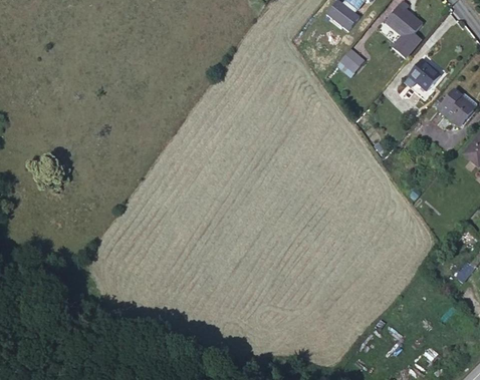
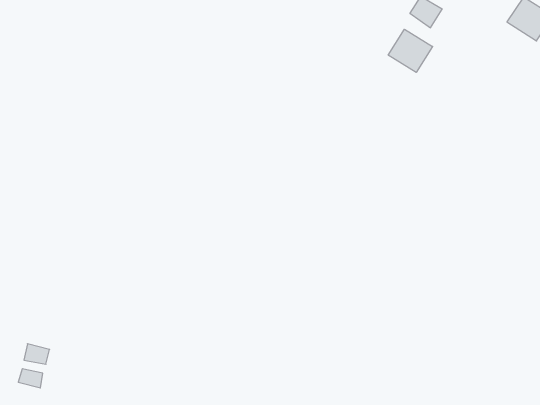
building: none -> [388,29,433,72]

